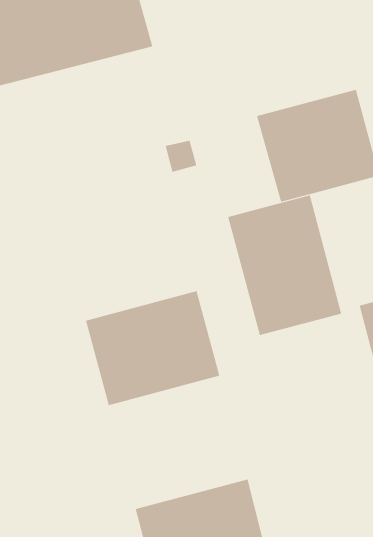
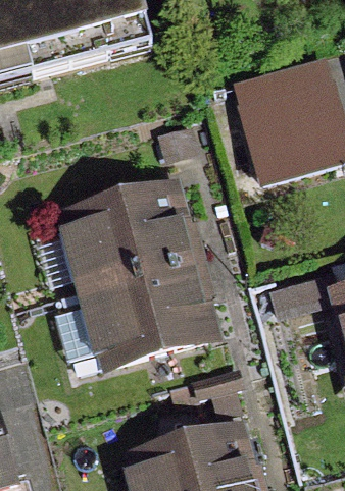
building: [227,195,342,336] -> none
building: none -> [68,183,188,285]

